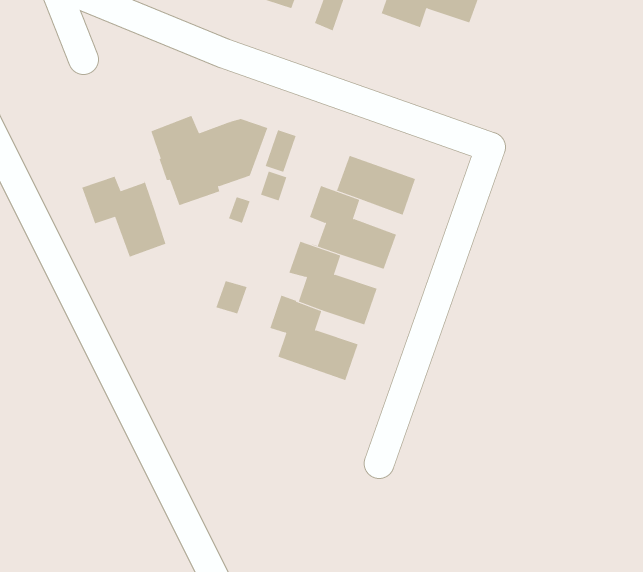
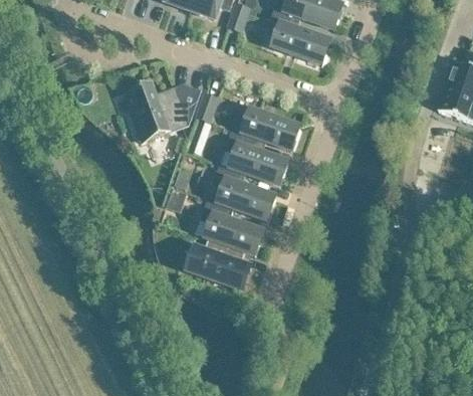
building: none -> [273,20,326,61]
building: [82,166,166,258] -> none
building: none -> [195,238,249,287]

